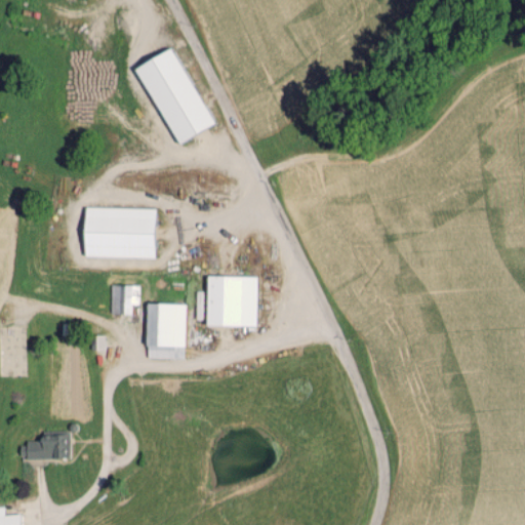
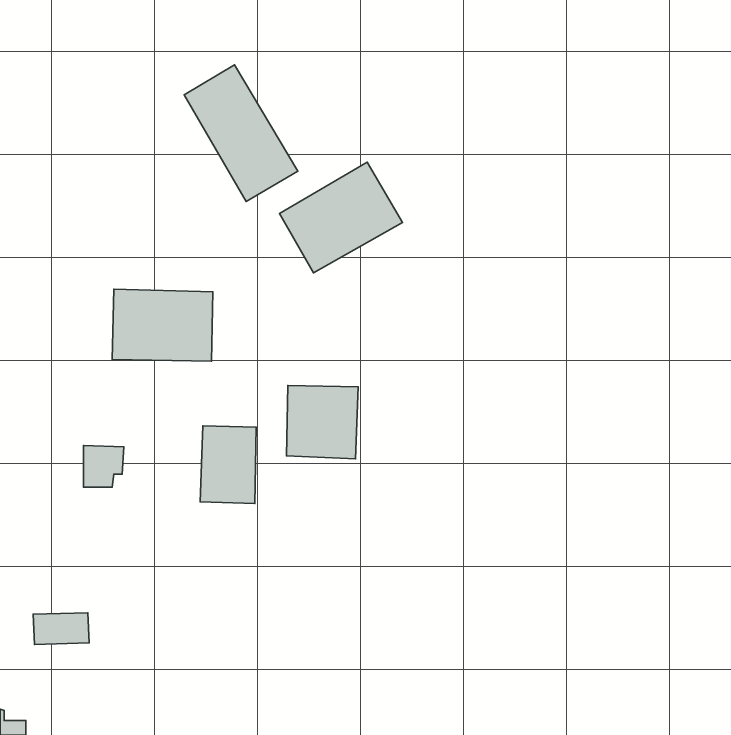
building: none -> [280,162,402,273]
building: [112,284,140,314] -> [83,445,124,487]

